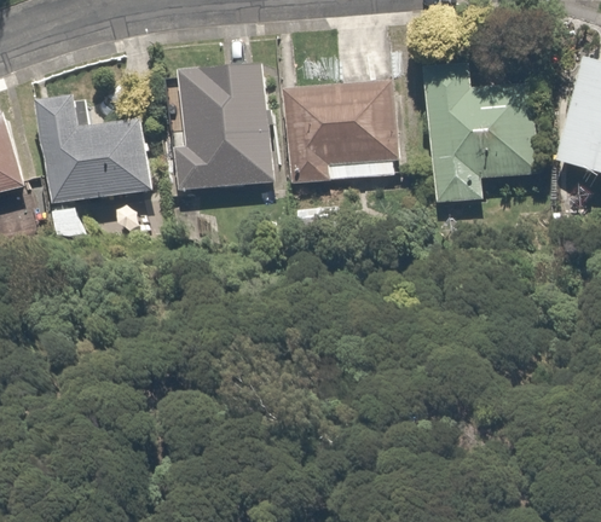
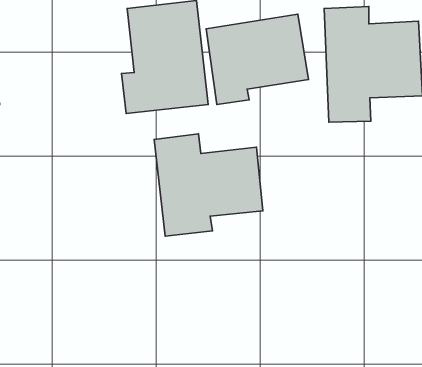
building: [33,97,150,203] -> none
building: none -> [154,134,263,236]

